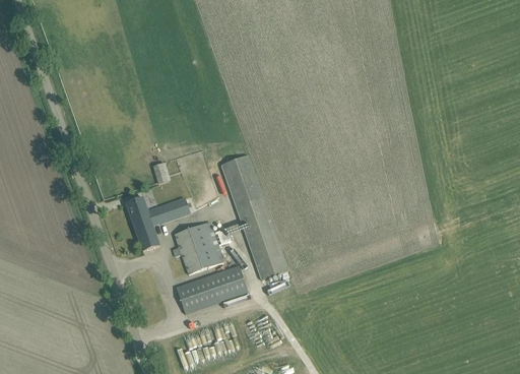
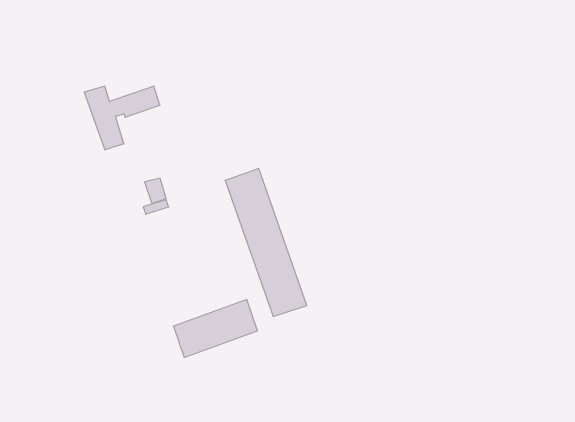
building: [125,197,189,251] -> [84,86,160,150]
building: [172,222,223,274] -> none

